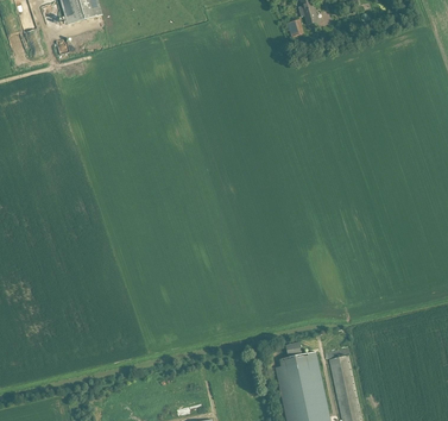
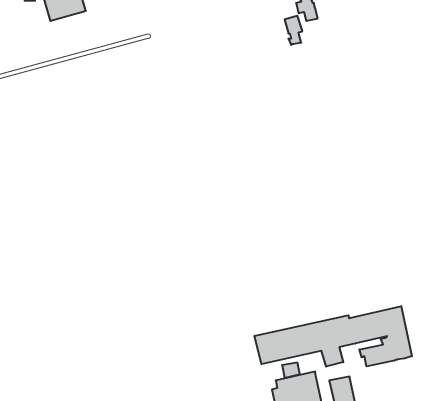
building: none -> [255,306,412,367]

